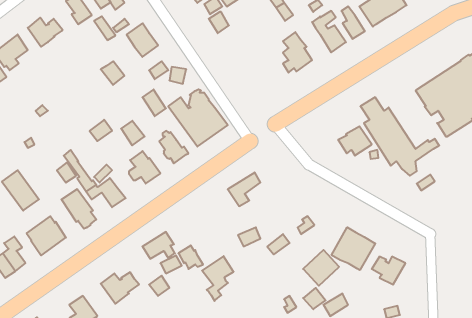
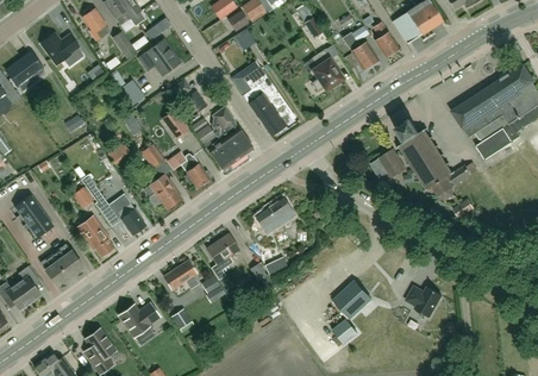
building: none -> [243,67,295,136]
building: [332,227,375,270] -> none
building: [202,256,234,301] -> [205,233,238,281]

